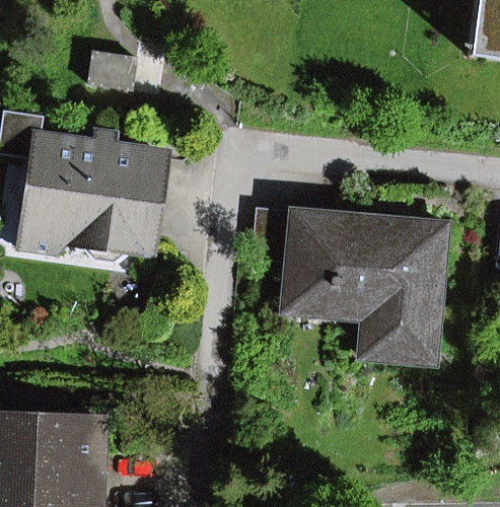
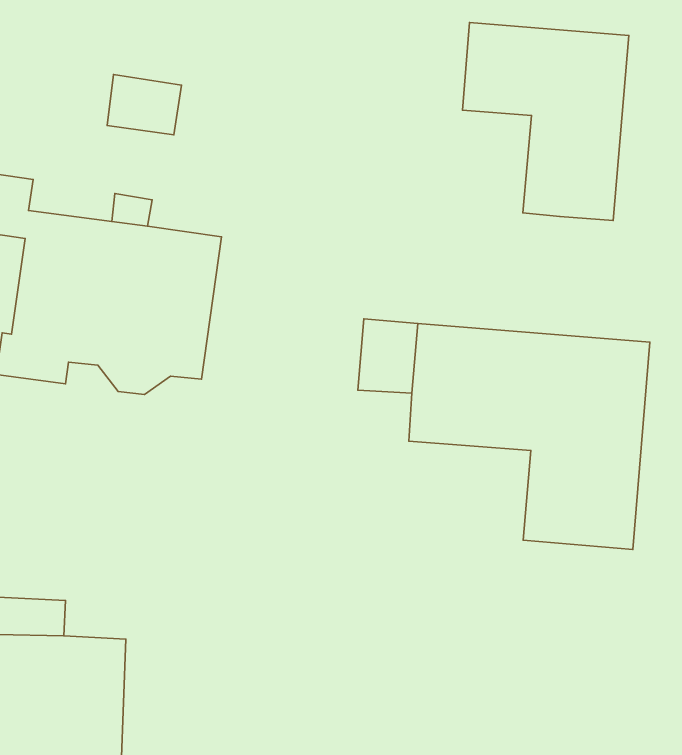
building: none -> [463,22,629,221]

